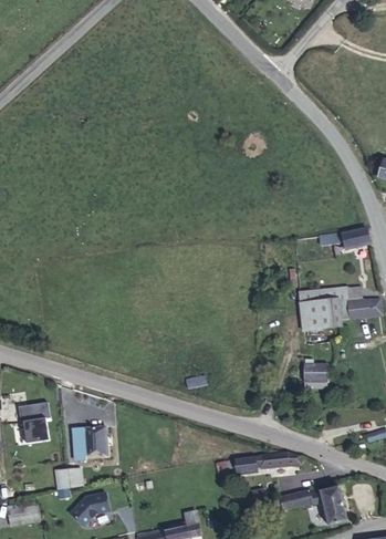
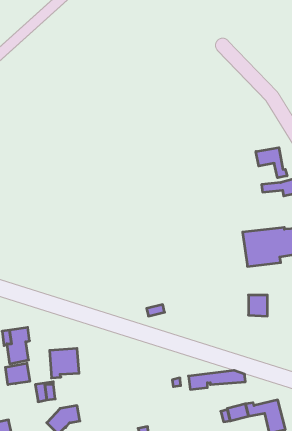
building: none -> [256,148,287,178]
building: none -> [5,363,30,385]

